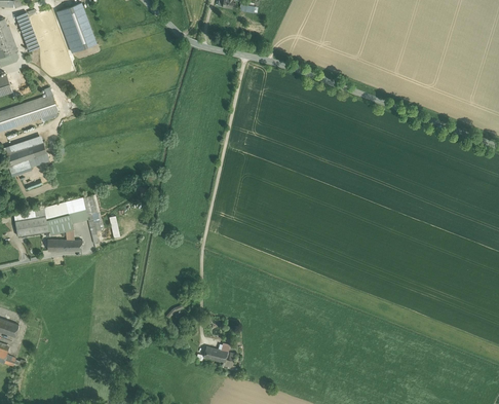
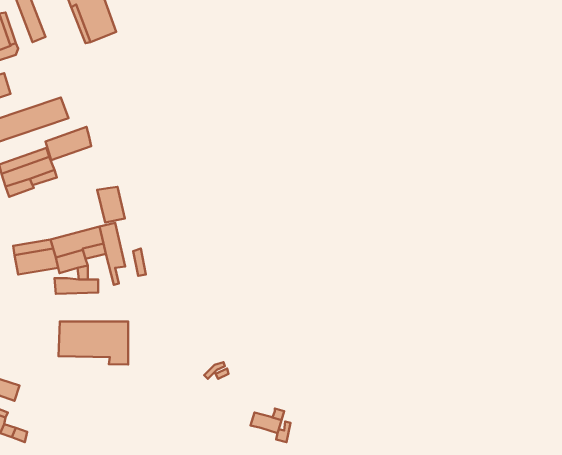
building: none -> [45,127,91,160]
building: none -> [97,187,125,223]
building: none -> [59,322,128,364]

